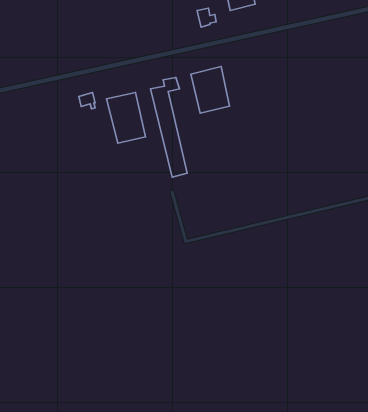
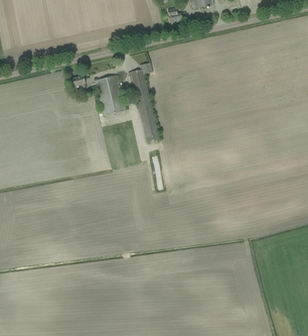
building: [191,66,229,113] -> none

